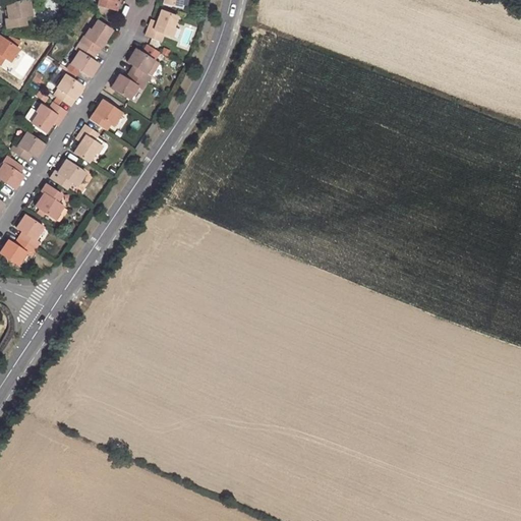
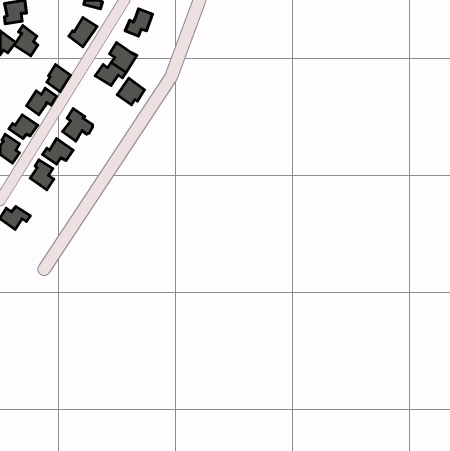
building: [70,42,98,76] -> [14,26,38,56]
building: [90,100,121,130] -> [117,78,145,105]
building: [16,215,44,249] -> none

